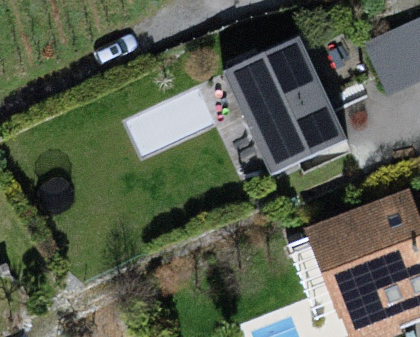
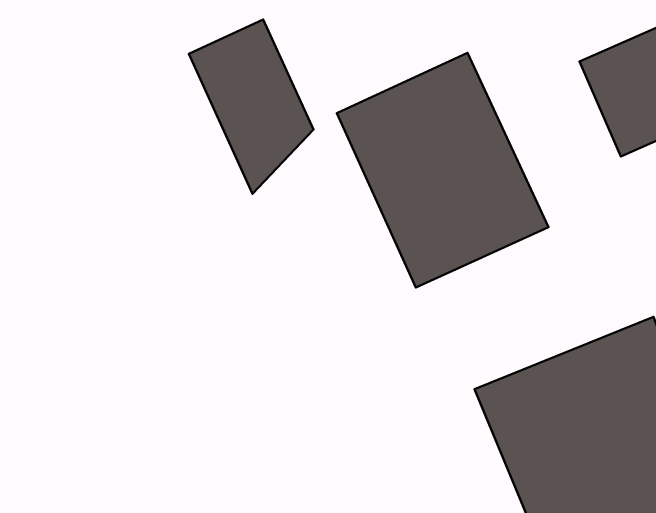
building: none -> [189,19,313,194]

